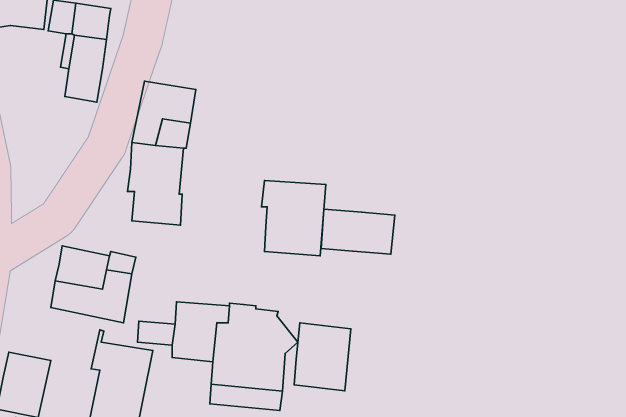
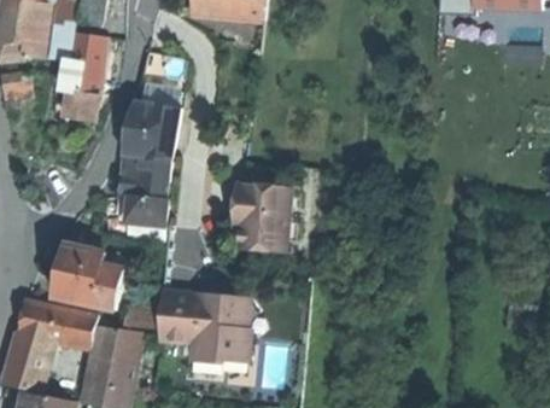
building: [321,209,395,254] -> none
building: none -> [16,301,94,349]
building: [294,323,351,391] -> none

